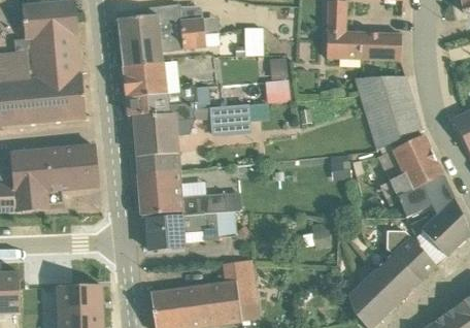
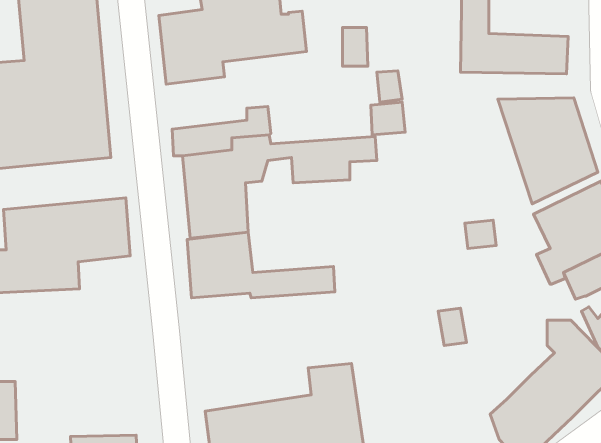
building: [123,60,178,97] -> none
building: [146,210,235,249] -> none
building: [56,284,102,309] -> none

